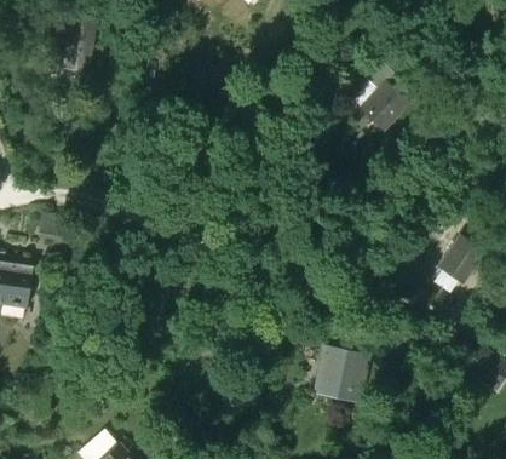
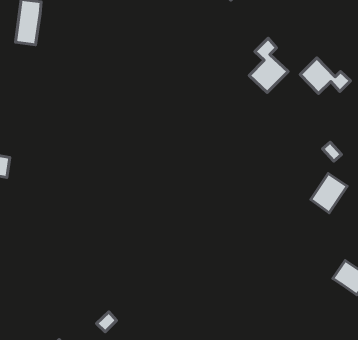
building: none -> [300,58,351,93]
building: [314,349,368,397] -> none

